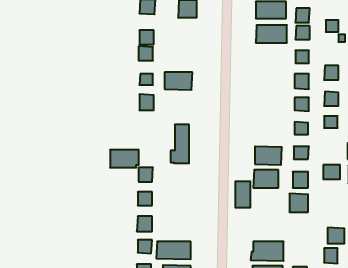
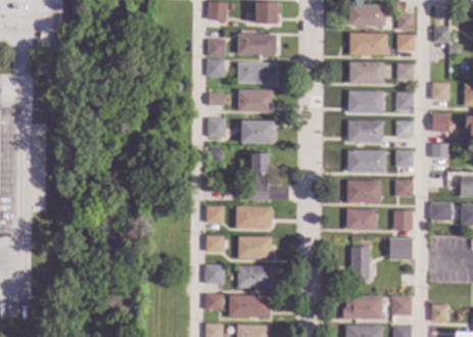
building: none -> [237,34,276,53]
building: none -> [348,61,383,84]
building: none -> [237,62,276,82]
building: none -> [347,91,382,112]
building: none -> [347,119,382,143]
building: none -> [240,121,273,142]
building: none -> [347,150,384,172]
building: [110,150,139,168] -> [236,206,271,228]
building: [235,181,250,208] -> [350,246,369,278]
building: none -> [237,236,270,257]
building: none -> [237,266,271,287]
building: [328,228,344,244] -> [391,295,412,315]

